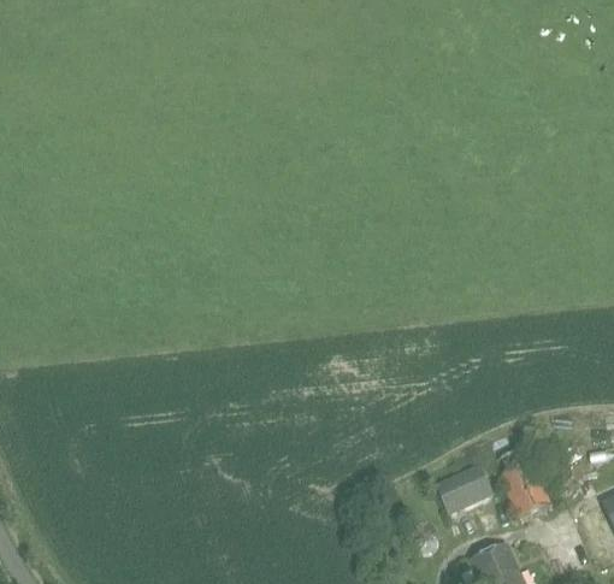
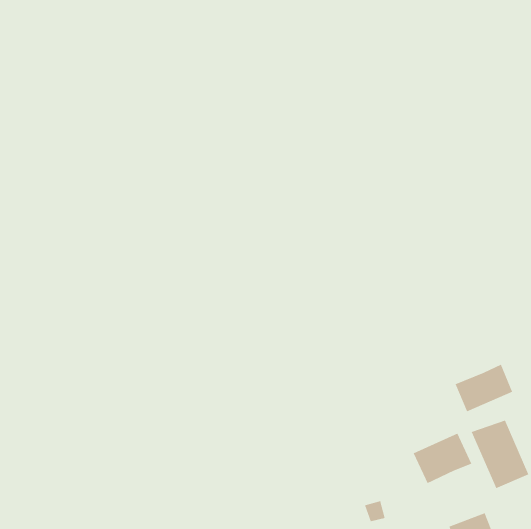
building: none -> [455,364,513,412]

